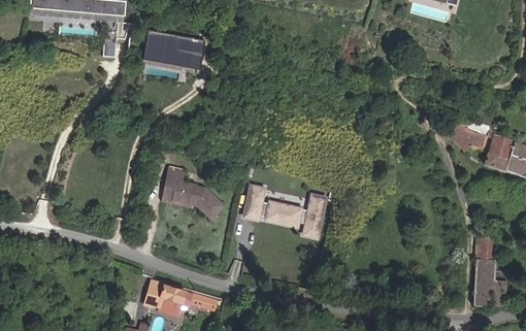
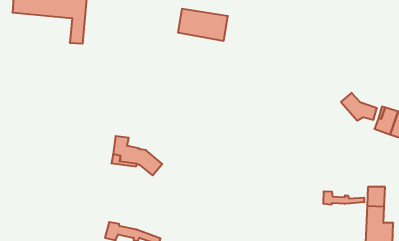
building: [140,30,203,70] -> [178,9,228,41]
building: [242,183,329,239] -> none
building: none -> [324,191,364,205]

